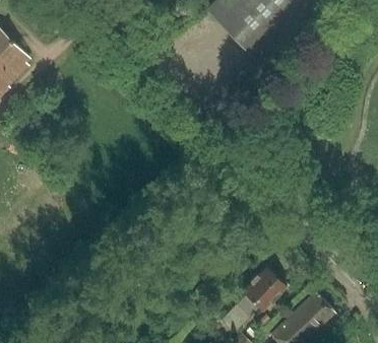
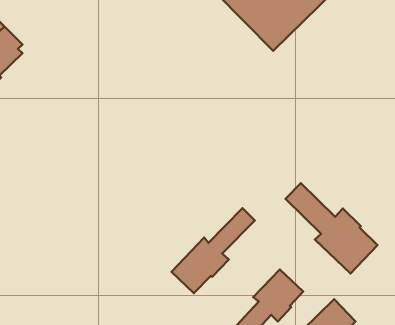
building: none -> [285,183,378,273]
building: none -> [172,208,255,293]

